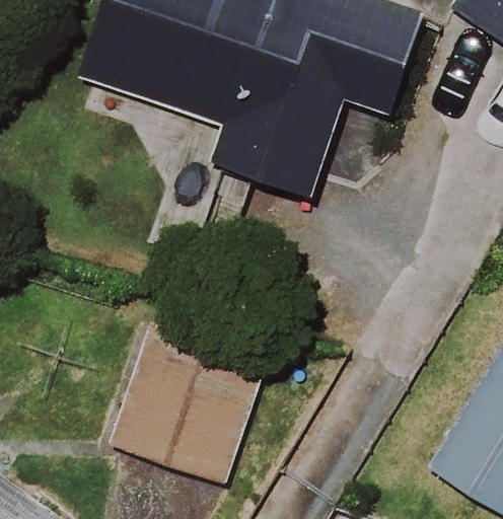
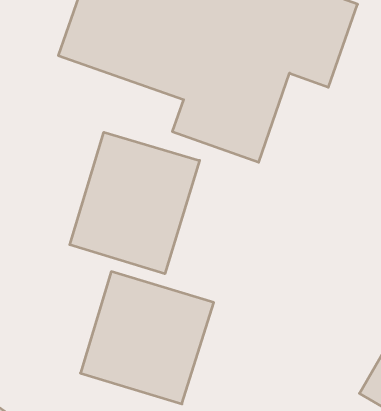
building: none -> [70,132,200,274]

